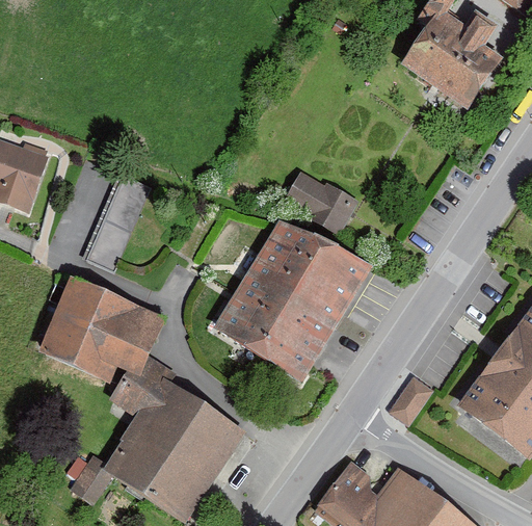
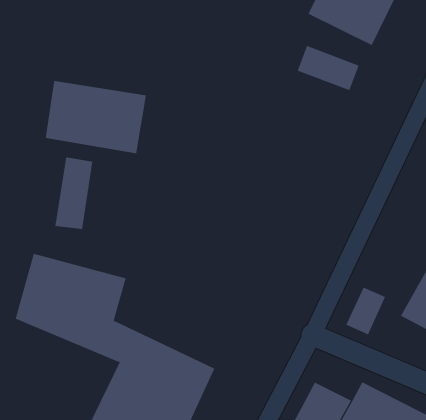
building: none -> [45,80,146,154]
building: [288,173,356,229] -> [297,45,360,91]
building: [232,216,375,369] -> none

